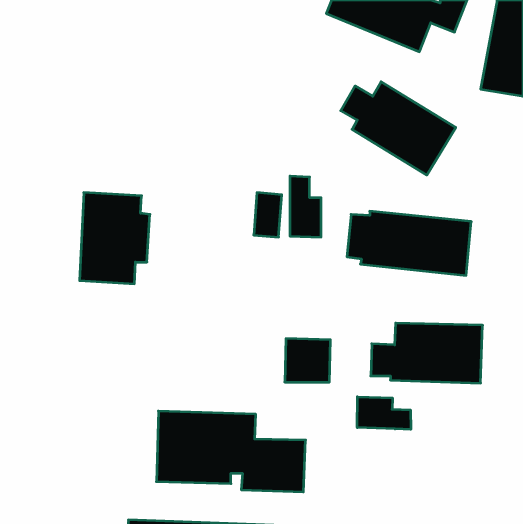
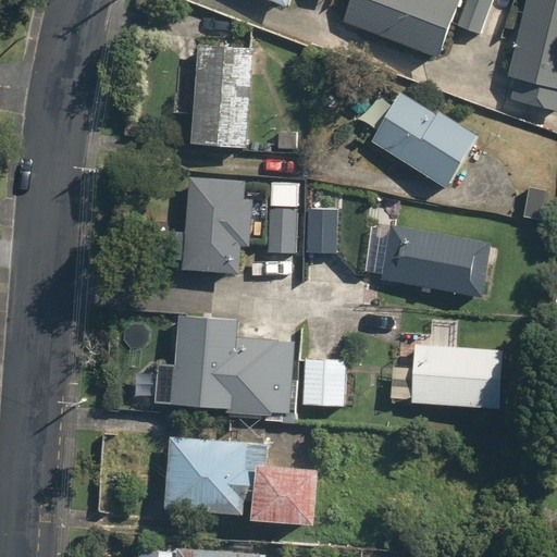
building: none -> [191,45,255,149]
building: [80,193,150,284] -> [181,175,255,271]
building: none -> [152,318,293,414]
building: [357,397,411,429] -> none

